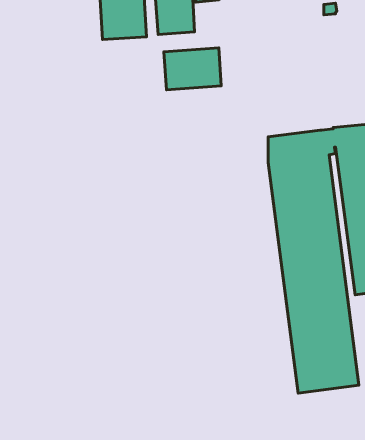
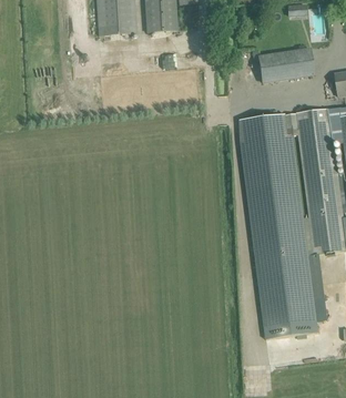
building: [164,48,221,90] -> none
building: none -> [258,47,314,81]

